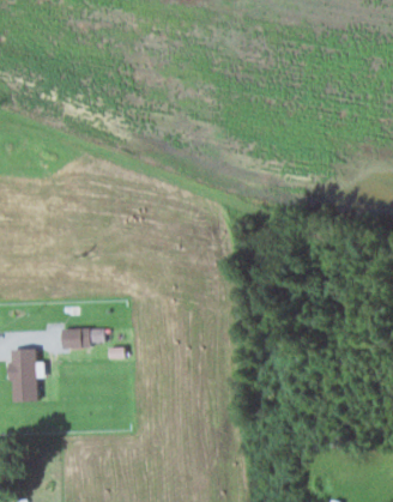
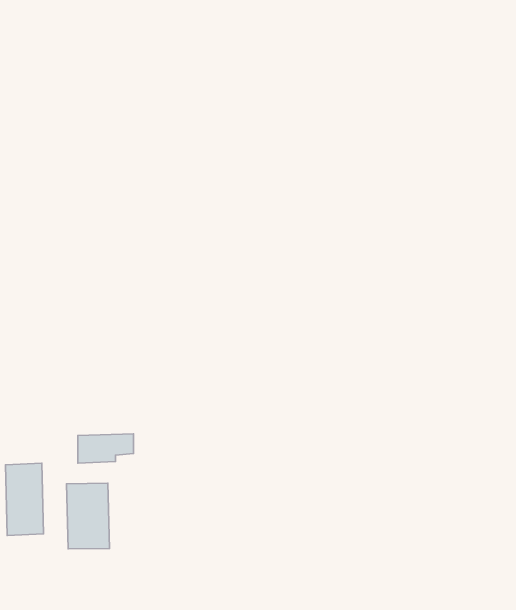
building: none -> [66,483,110,549]

